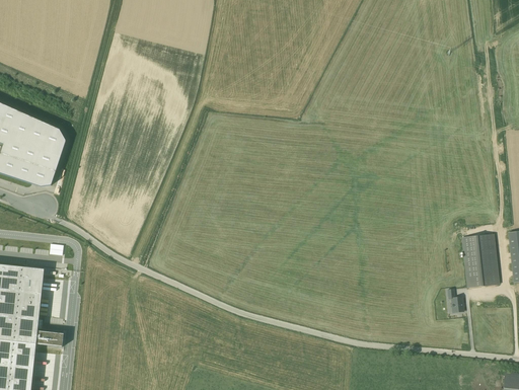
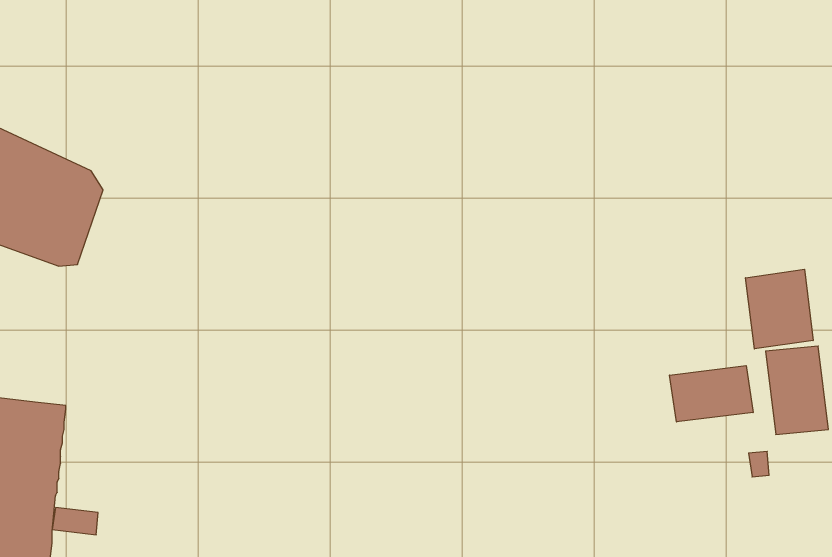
building: none -> [746,269,813,349]
building: none -> [670,366,753,422]

